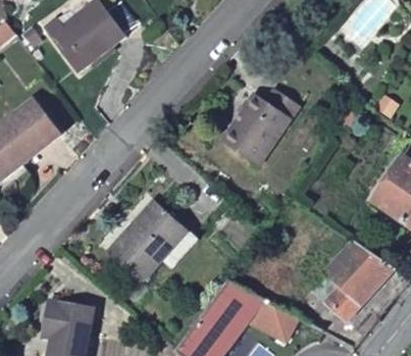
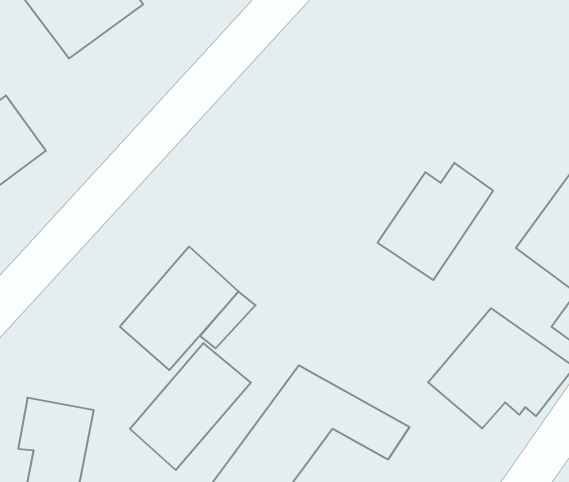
building: [222,87,299,164] -> [378,163,493,280]
building: none -> [130,343,251,470]

